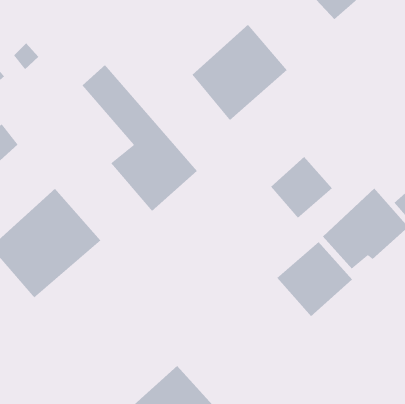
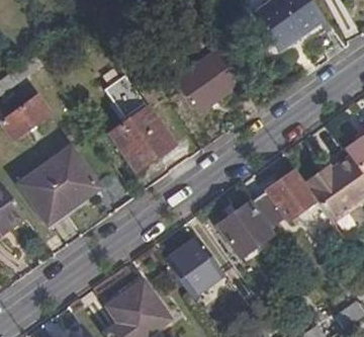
building: [270,156,333,219] -> none
building: none -> [167,240,221,298]

